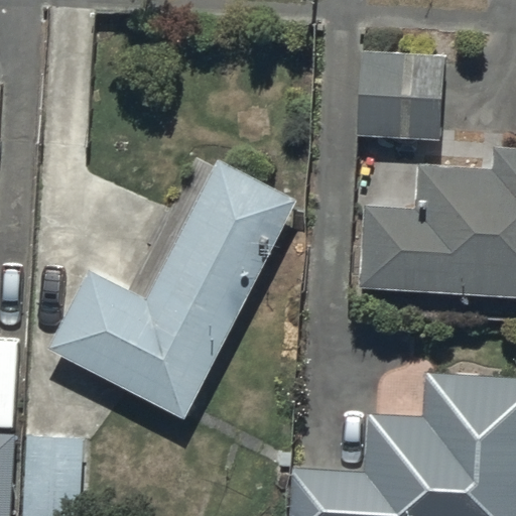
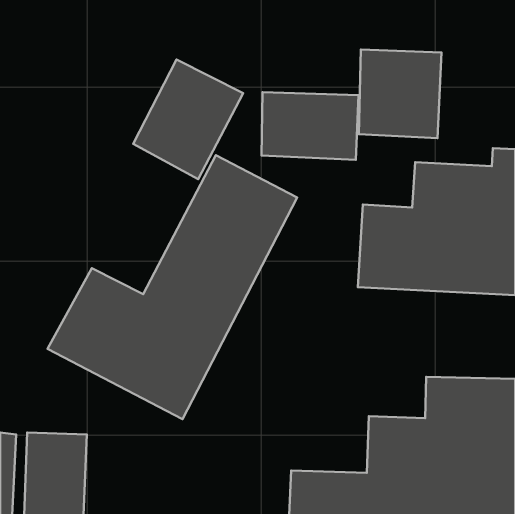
building: none -> [133,59,243,179]
building: none -> [261,92,358,160]

